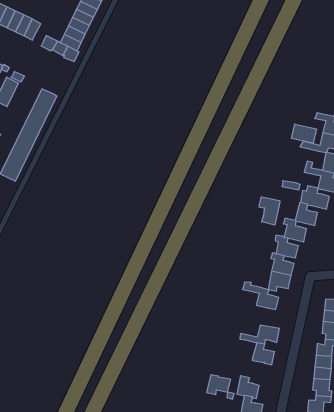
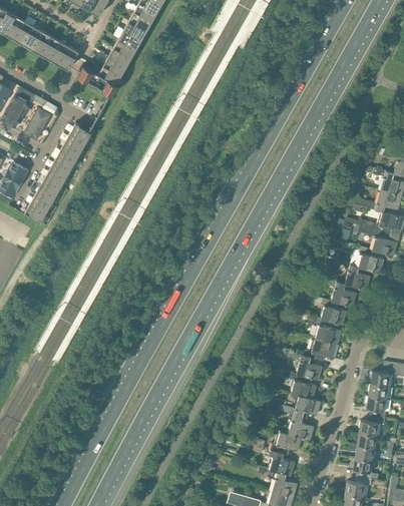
building: [291,124,316,143] -> none
building: [259,197,280,225] -> none
building: none -> [278,369,317,399]
building: [207,375,231,395] -> [275,431,302,453]

